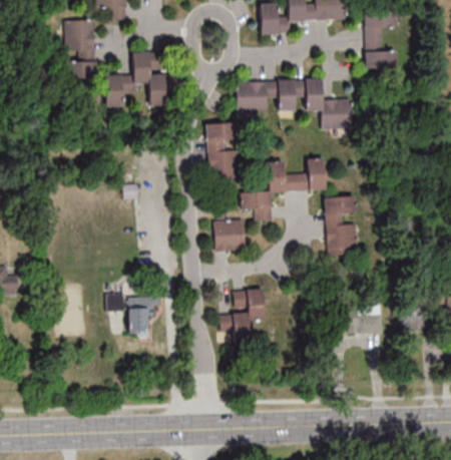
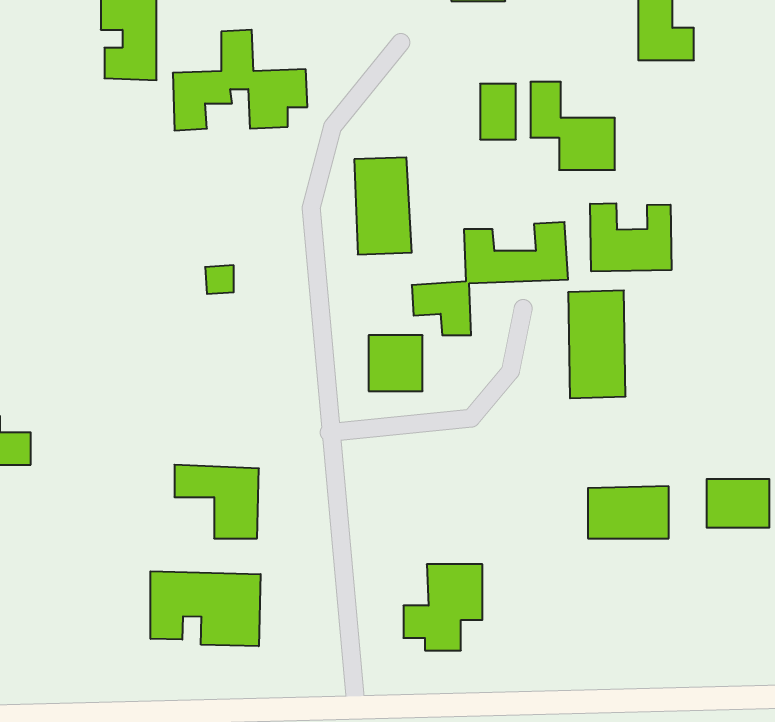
building: [237,81,271,111] -> none
building: none -> [590,203,671,271]
building: [220,290,265,338] -> [403,564,482,650]
building: none -> [150,571,261,646]

